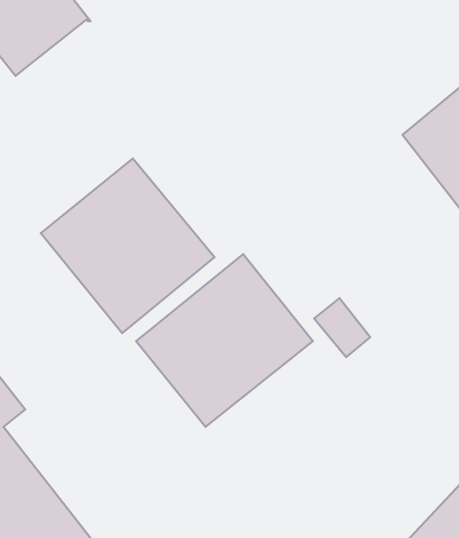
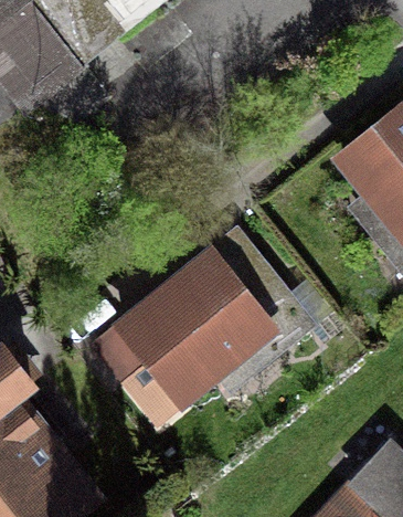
building: [41,158,214,333] -> none

